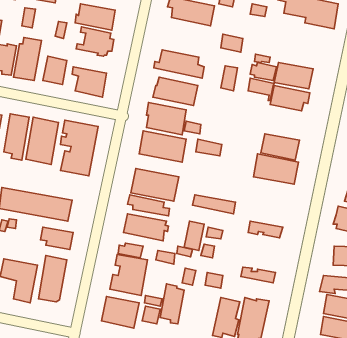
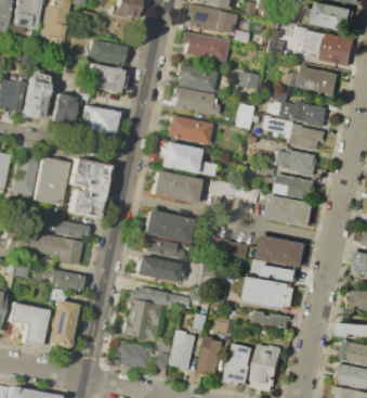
building: none -> [175,64,217,93]
building: none -> [280,64,340,97]
building: none -> [272,147,319,175]
building: none -> [47,219,88,239]
building: none -> [259,233,307,266]
building: none -> [244,275,297,308]
building: none -> [199,335,225,374]

